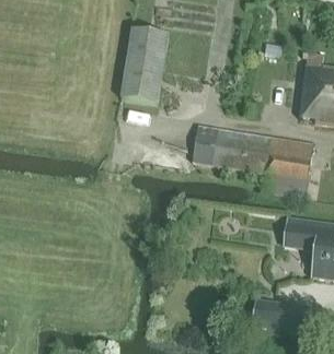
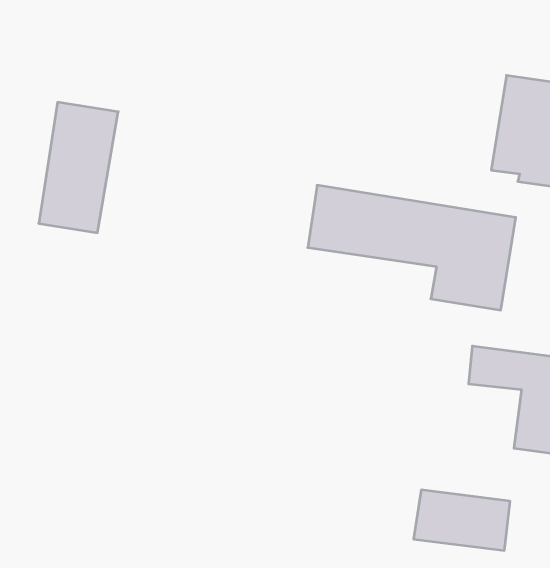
building: [122,30,168,105] -> [39,102,118,233]

